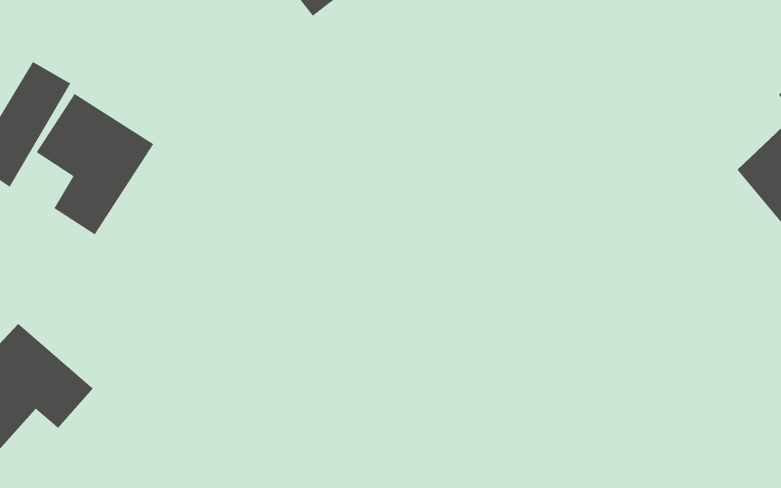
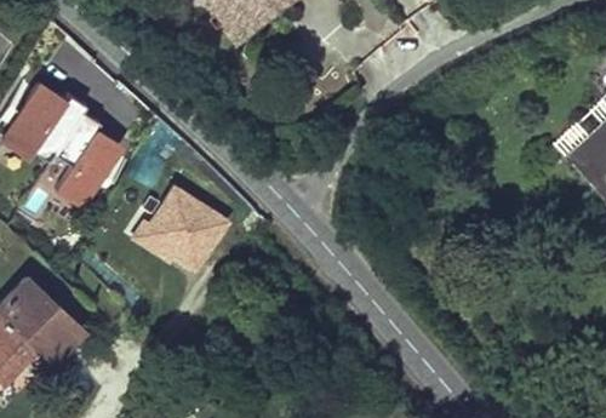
building: none -> [131,181,228,275]

